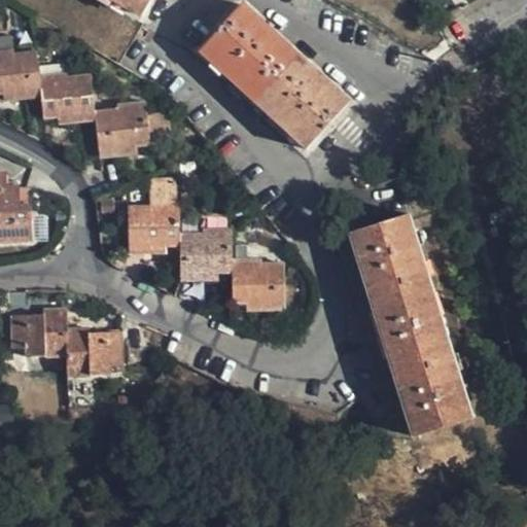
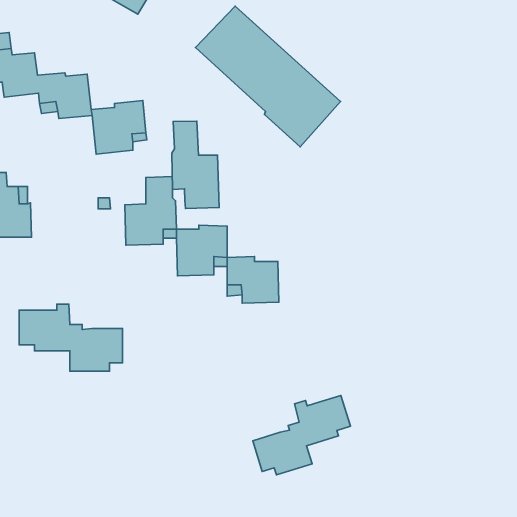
building: none -> [172,121,219,208]
building: [349,214,470,436] -> none
building: none -> [253,395,350,475]

